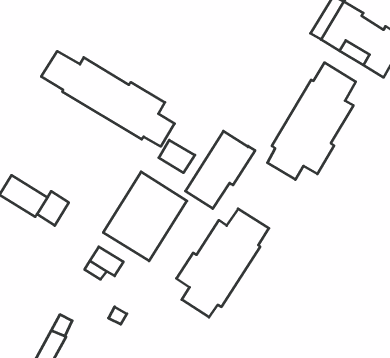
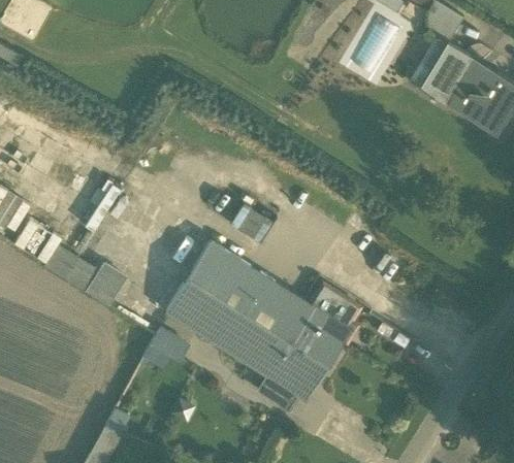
building: [41,51,175,146] -> none
building: [267,63,356,180] -> none
building: [185,131,255,209] -> [220,276,301,367]

